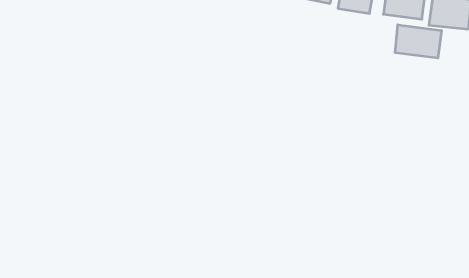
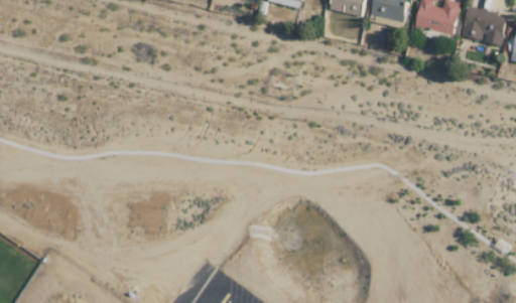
building: [395,25,441,58] -> none

